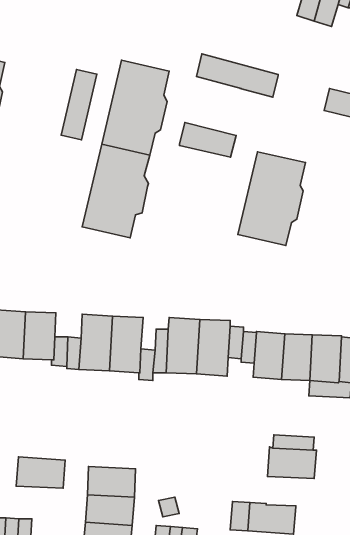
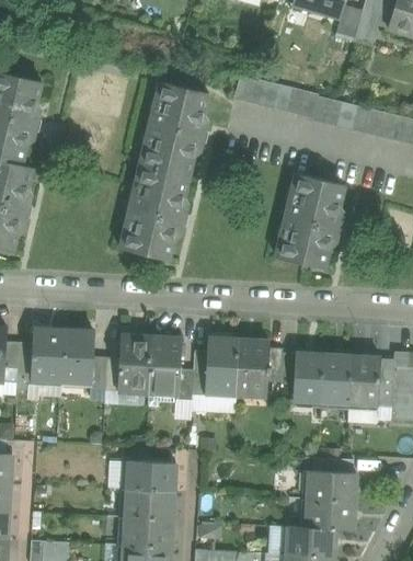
building: [61,69,97,140] -> none
building: [179,122,236,157] -> [312,96,369,131]
building: [16,457,65,488] -> [127,460,176,492]
building: none -> [306,500,354,531]

